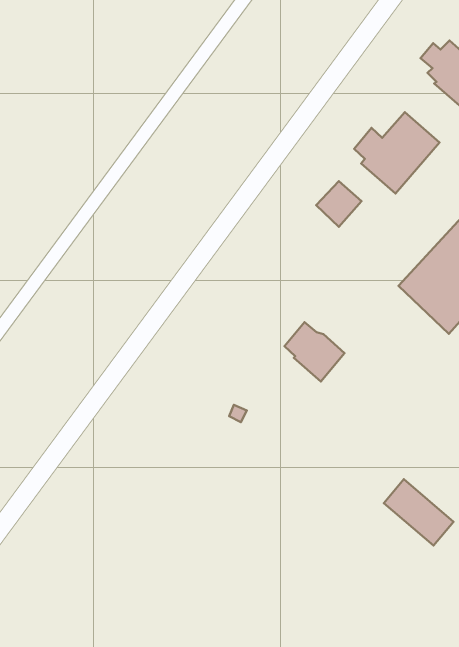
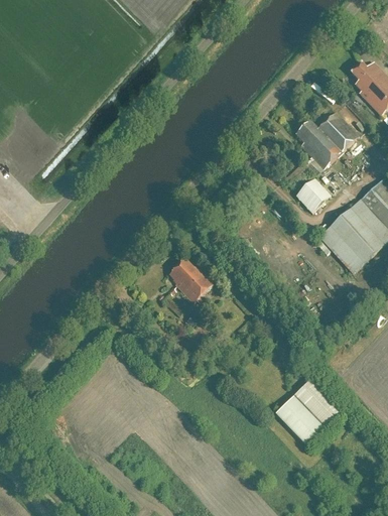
building: [316,181,361,227] -> [295,178,329,212]
building: [285,322,345,382] -> [168,257,212,301]
building: none -> [273,393,327,446]

